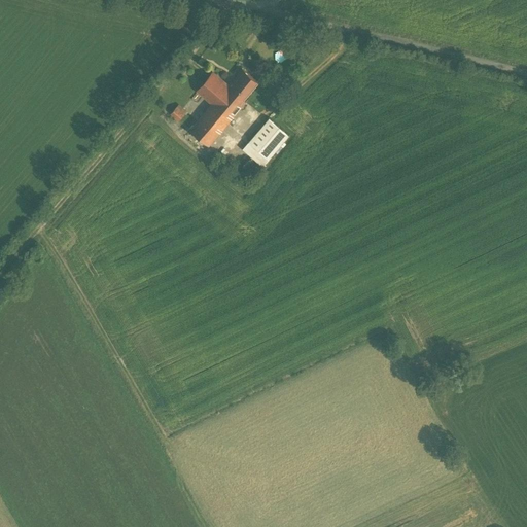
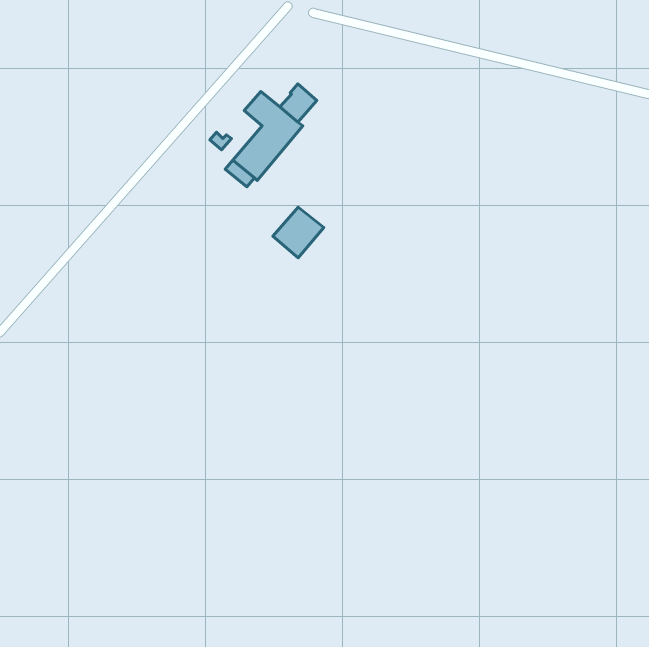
building: [247,120,288,162] -> [273,207,324,258]

